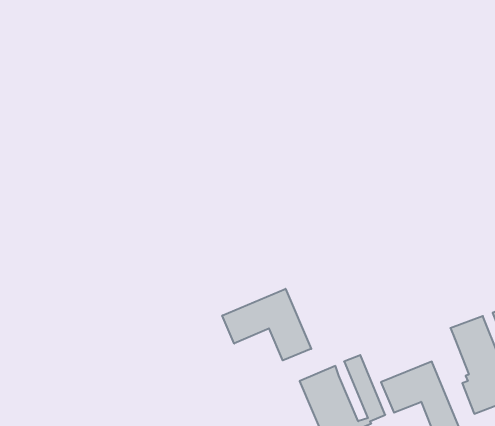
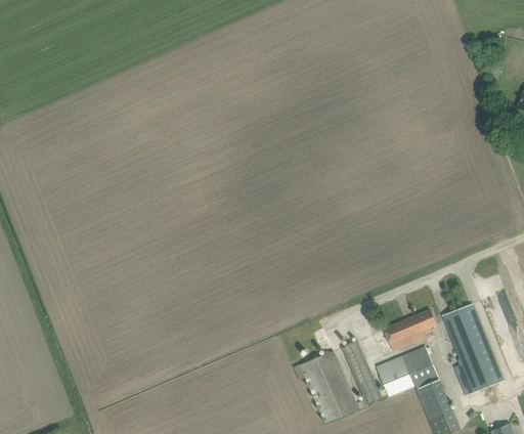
building: [222,289,311,360] -> none
building: none -> [384,308,437,350]

